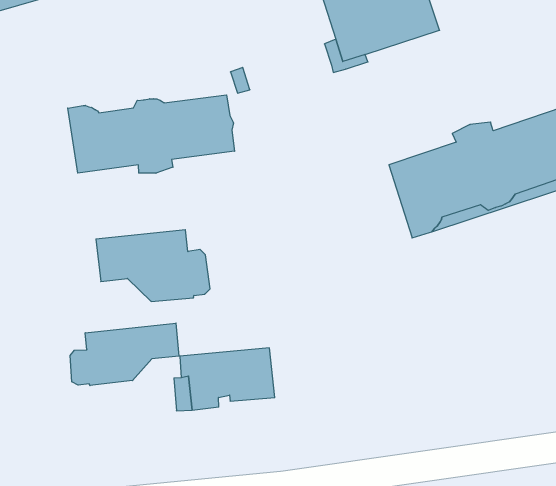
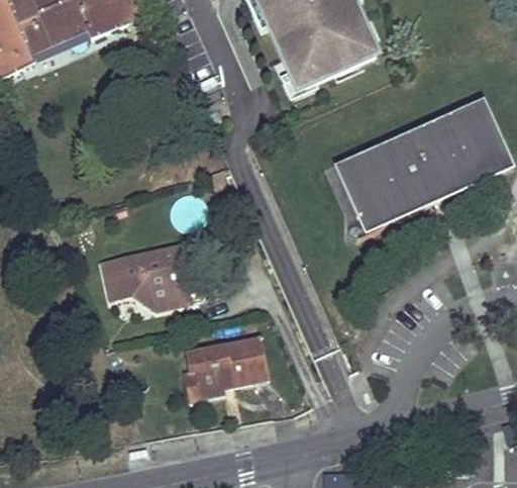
building: [68,95,235,173] -> none
building: [70,323,179,386] -> none

